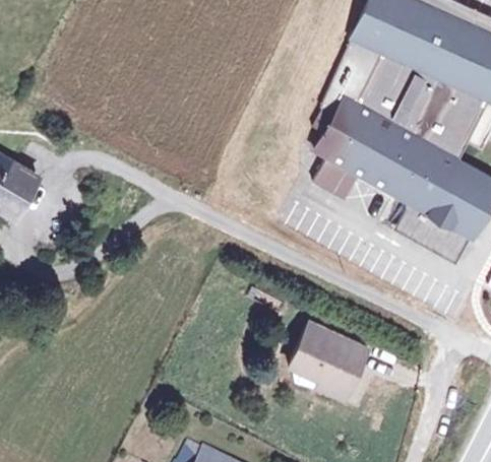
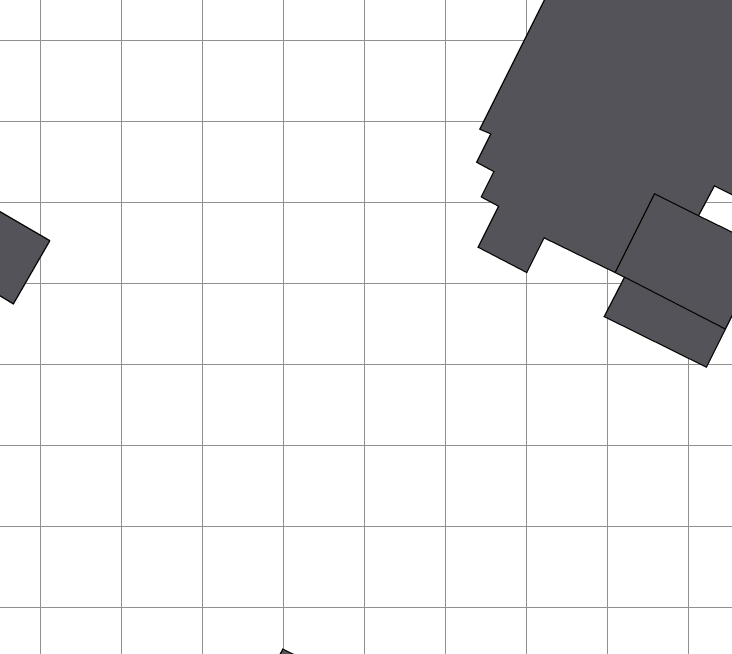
building: [293,323,367,390] -> none

